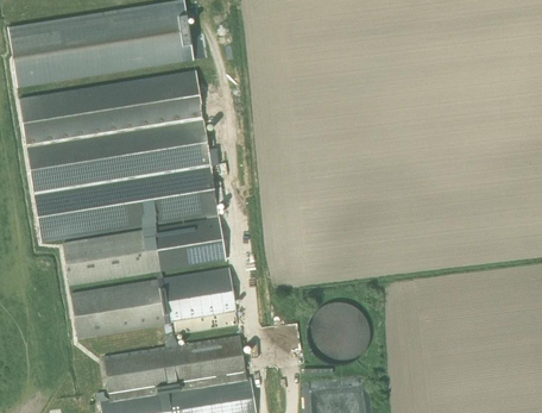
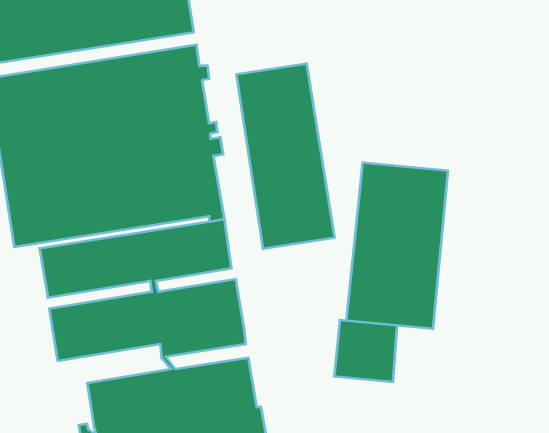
building: none -> [237,63,334,249]
building: none -> [347,162,448,329]

